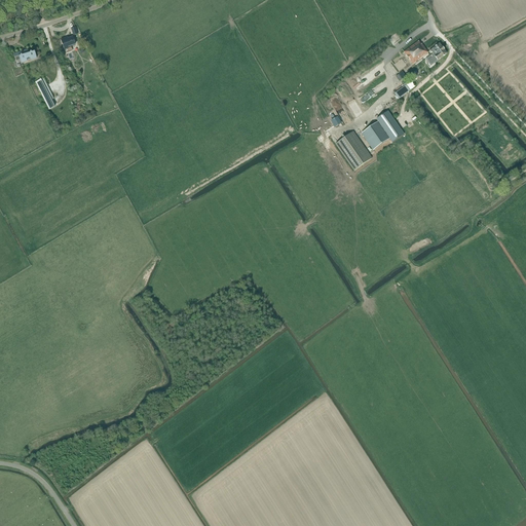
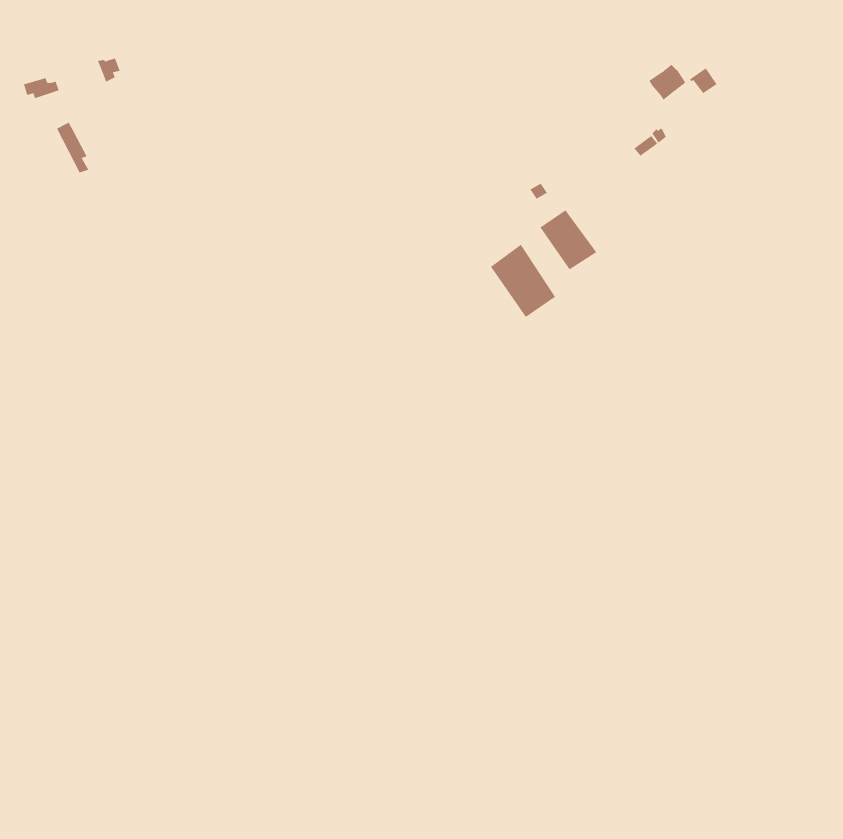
building: [362,110,404,149] -> none
building: none -> [490,244,556,318]

